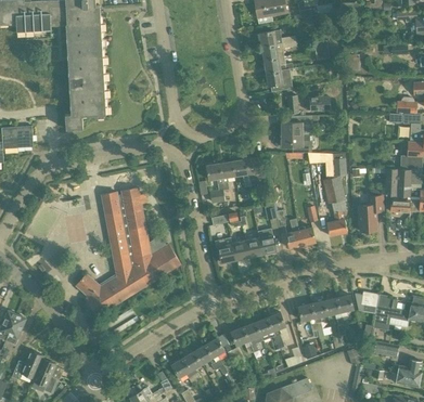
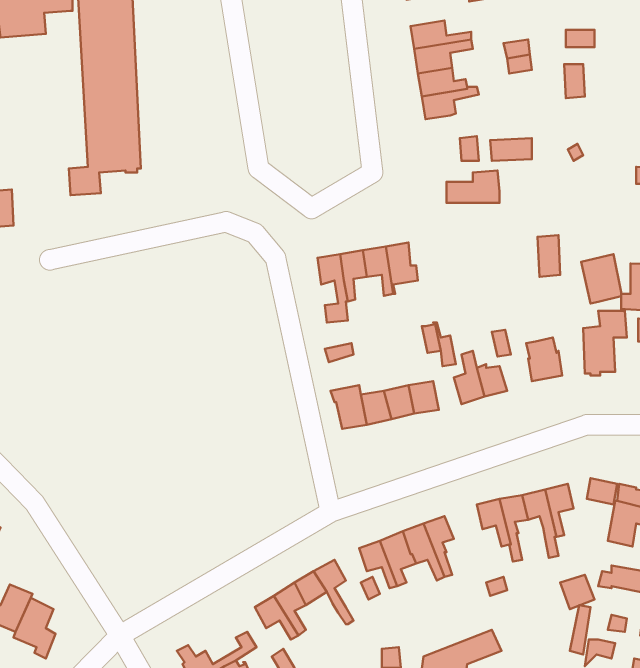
building: [280,134,310,154] -> none
building: [321,177,344,205] -> [581,254,621,304]
building: [75,187,179,316] -> none

